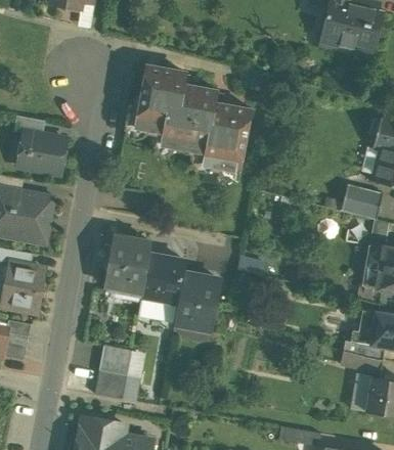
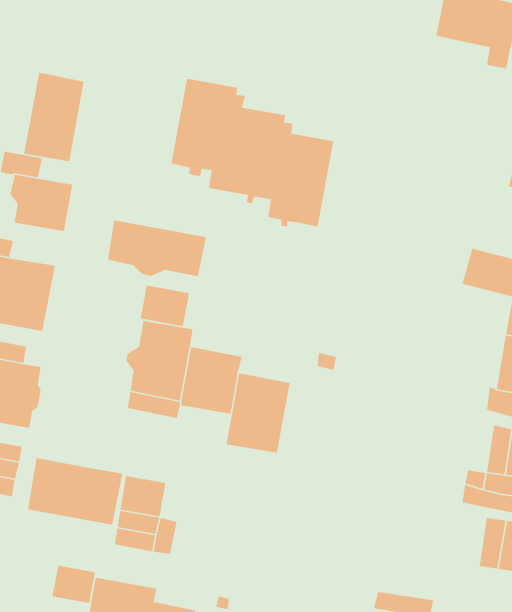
building: none -> [23,72,84,162]
building: none -> [107,220,207,277]
building: none -> [140,285,190,327]
building: none -> [27,457,123,525]
building: none -> [52,565,96,604]

